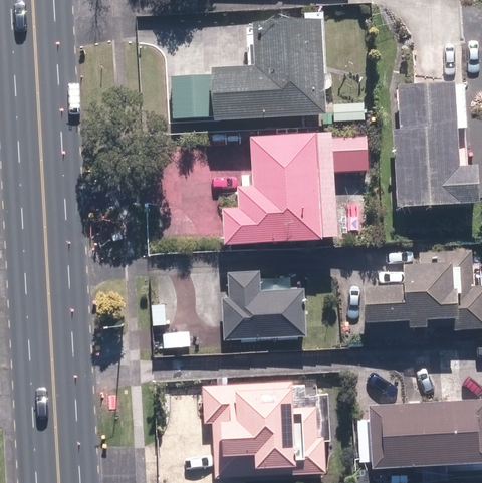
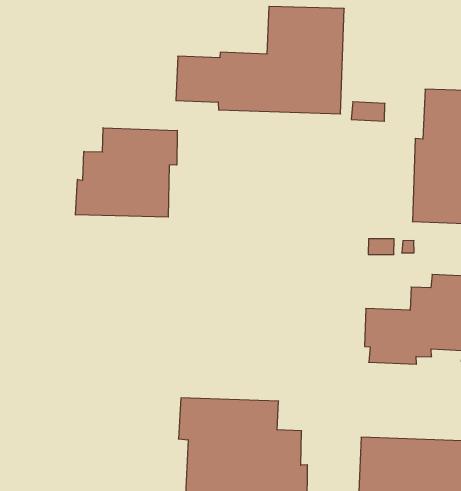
building: [221,133,368,245] -> none
building: none -> [76,128,177,217]
building: [223,270,305,339] -> none

